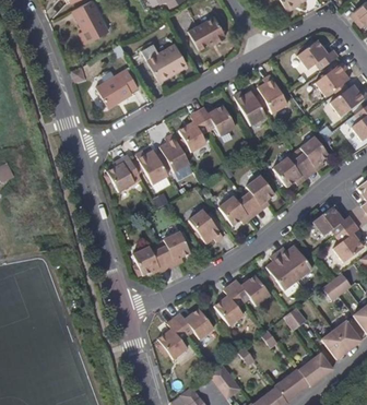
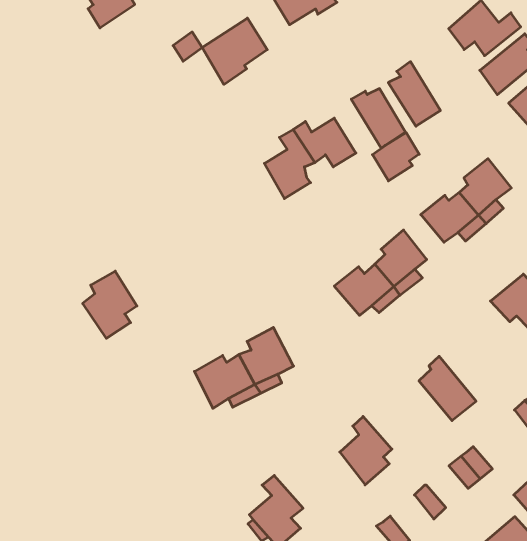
building: [95,70,138,107] -> none
building: none -> [372,133,419,181]
building: [162,134,192,174] -> none
building: [137,151,168,187] -> none
building: [109,155,142,195] -> [83,271,137,338]
building: [187,206,223,243] -> none
building: [280,246,315,282] -> none
building: [232,275,272,308] -> none
building: [176,310,217,343] -> none

